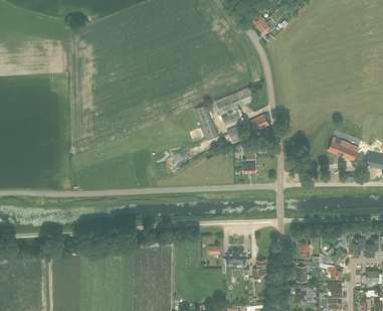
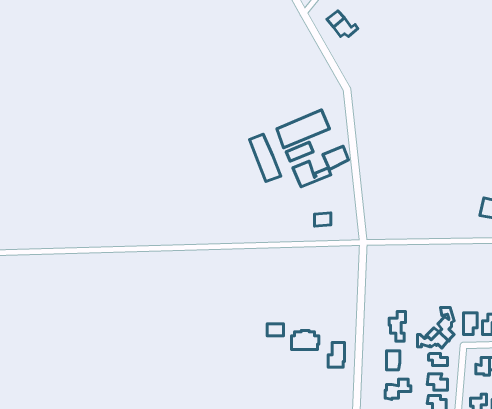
building: [327,137,357,161] -> none

